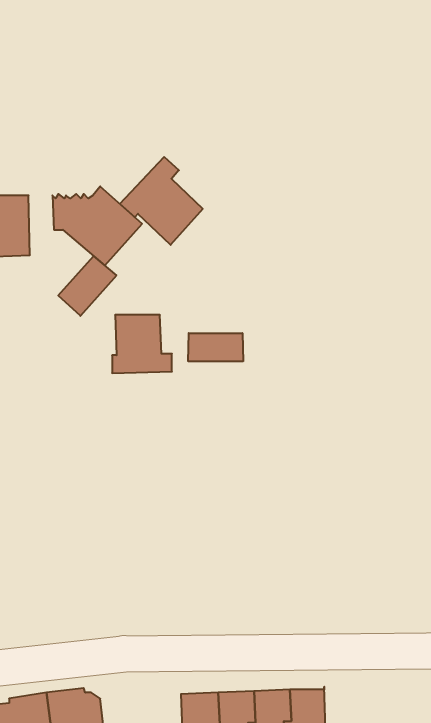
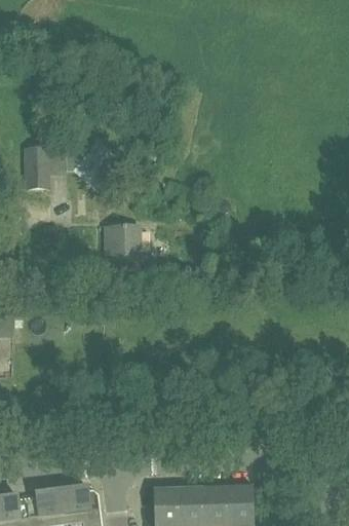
building: [120,157,203,245] -> none
building: [58,256,116,316] -> none
building: [188,333,243,361] -> none

